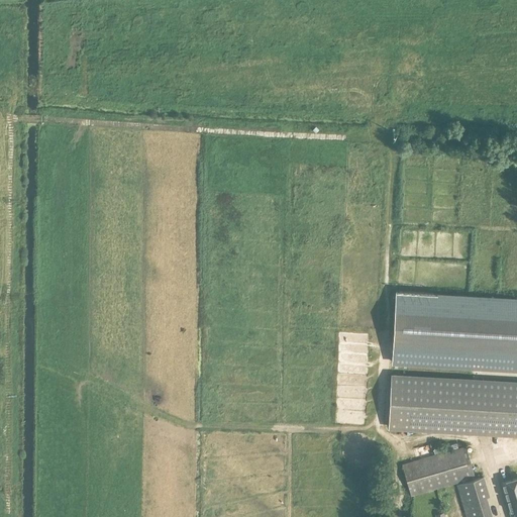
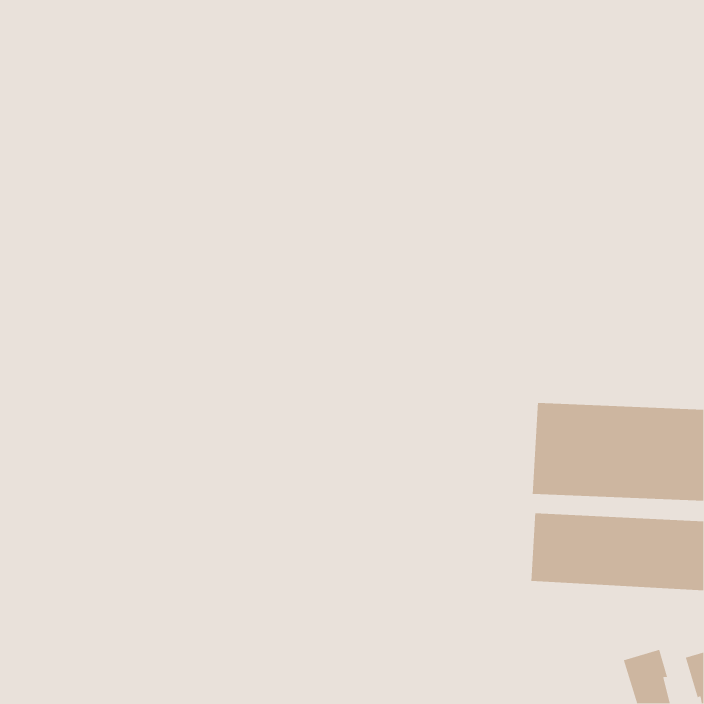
building: [402,446,475,495] -> none

